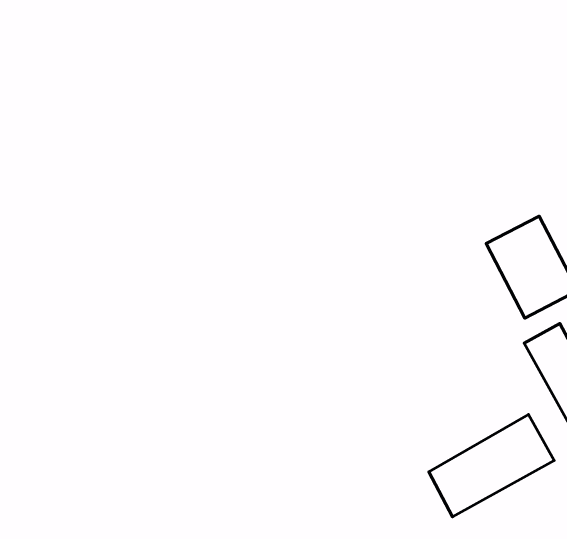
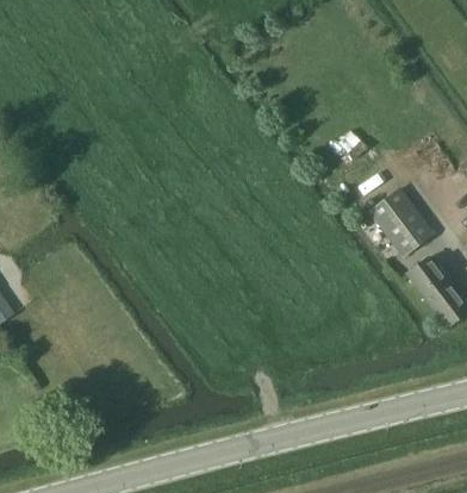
building: [429,415,554,517] -> none

